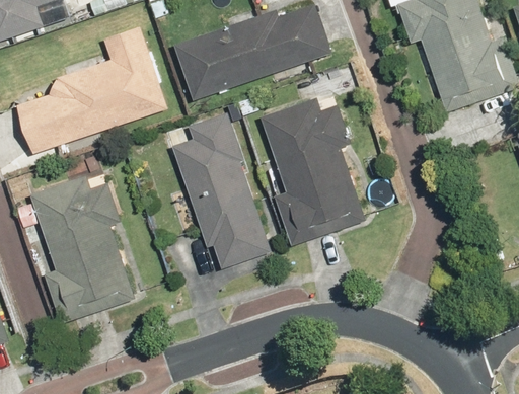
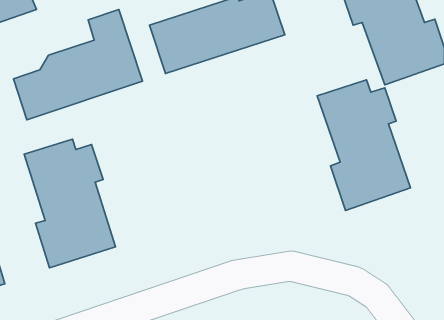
building: [258,95,366,246] -> [317,80,410,211]
building: [170,112,270,268] -> none

